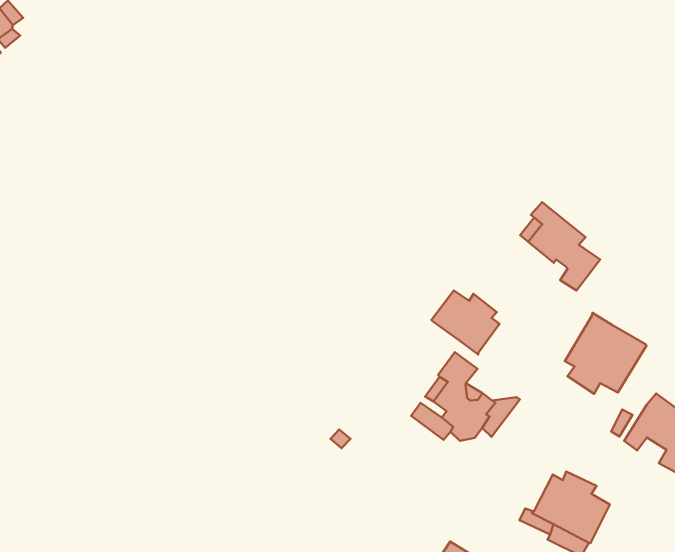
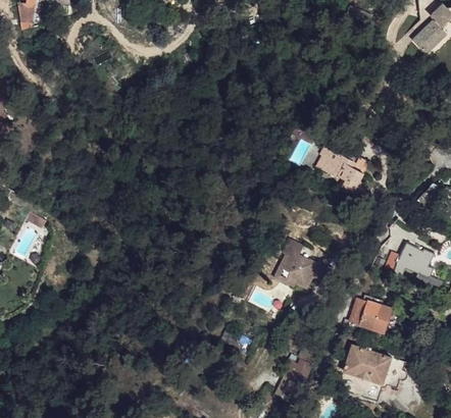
building: [432,290,499,355] -> none
building: [565,313,646,394] -> none

